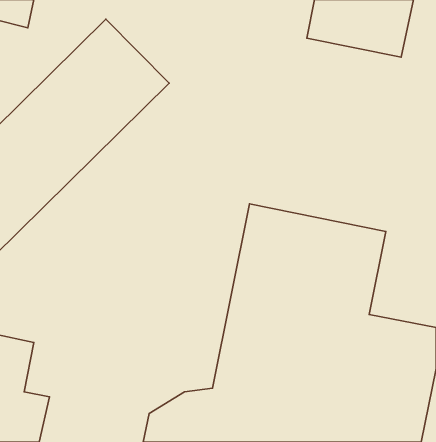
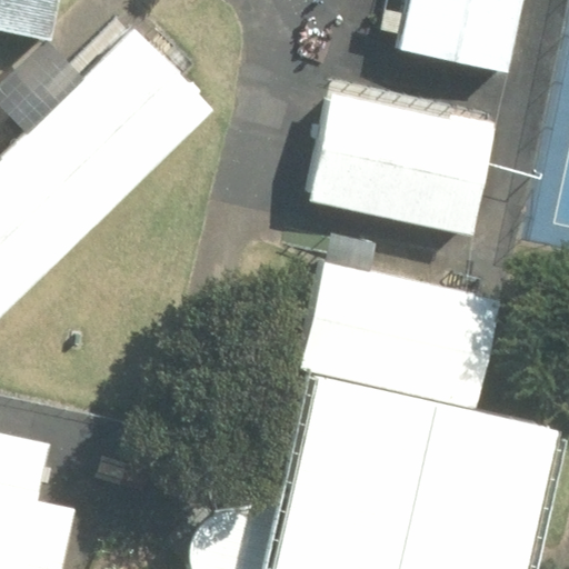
building: none -> [307,94,498,240]

